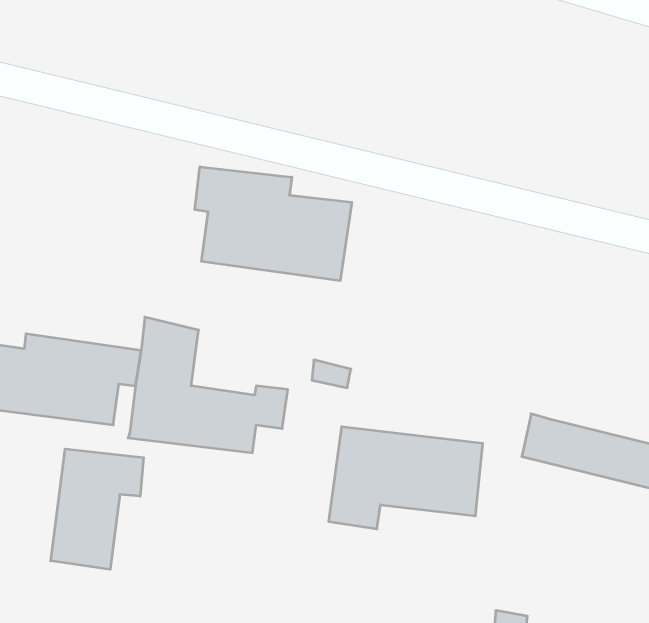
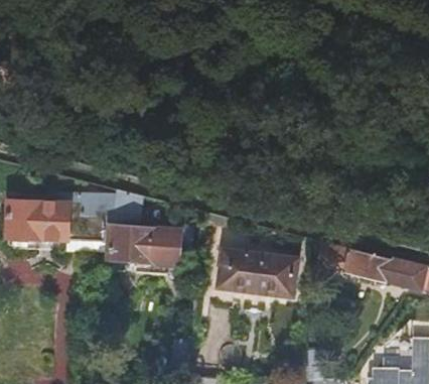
building: [195,167,352,281] -> none
building: [51,449,144,569] -> none

